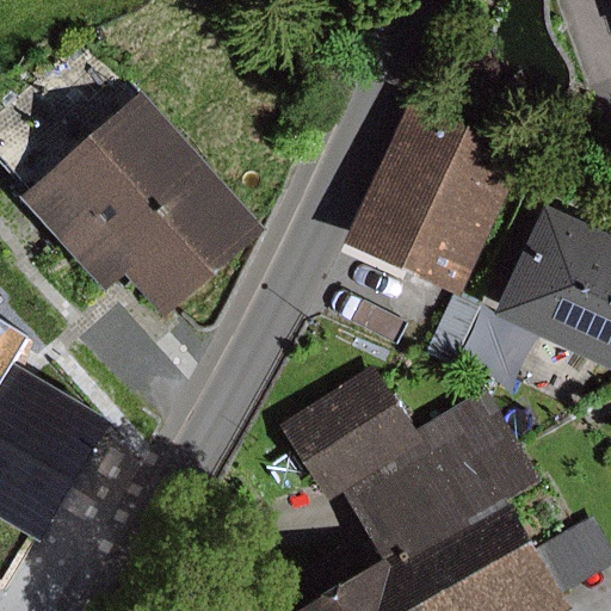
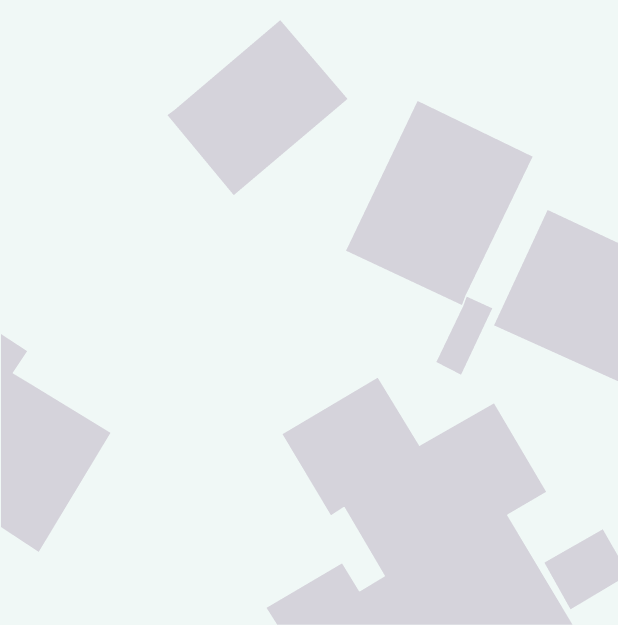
building: none -> [166,19,349,196]
building: [19,92,261,319] -> none

